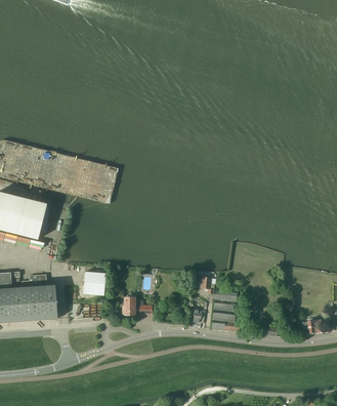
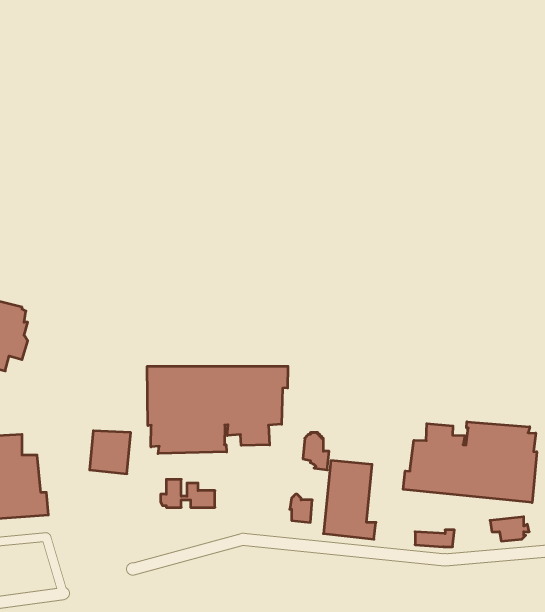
building: none -> [147,366,288,454]
building: none -> [403,422,537,503]

